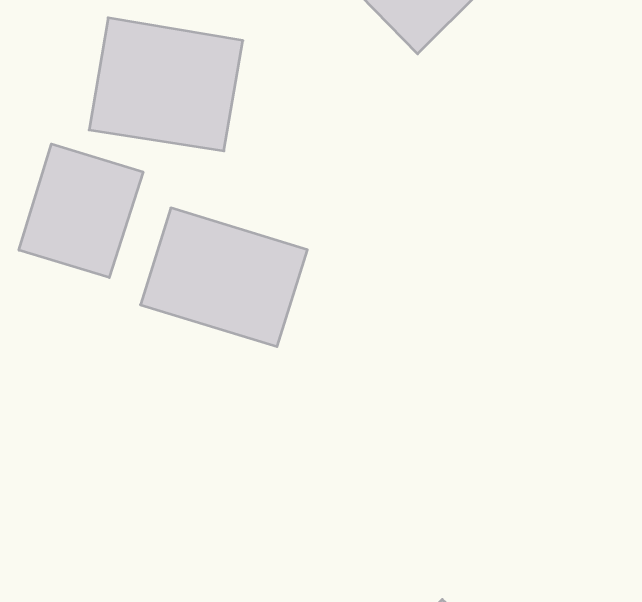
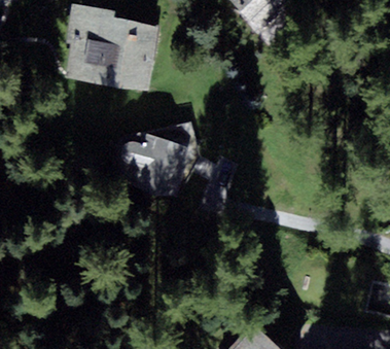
building: [19,144,143,278] -> none

